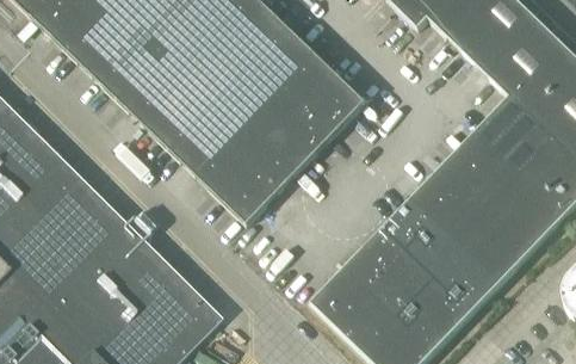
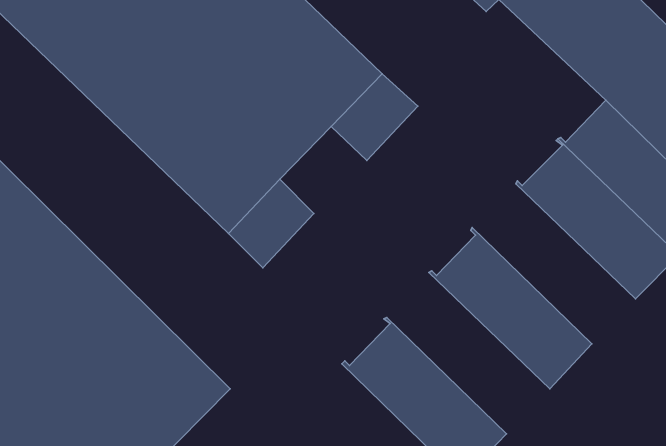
building: [260,116,327,183] -> none
building: [408,160,533,283] -> none
building: [342,228,467,352] -> none

